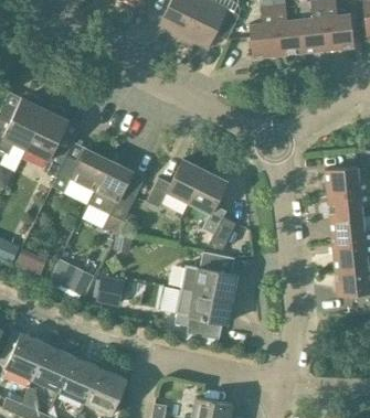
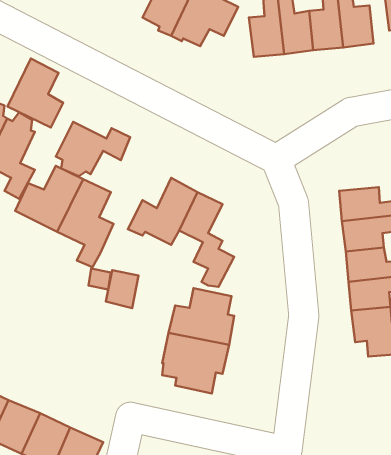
building: none -> [8,59,63,127]
building: none -> [56,122,130,176]
building: [51,259,93,296] -> none
building: [96,276,124,308] -> [106,270,139,308]

